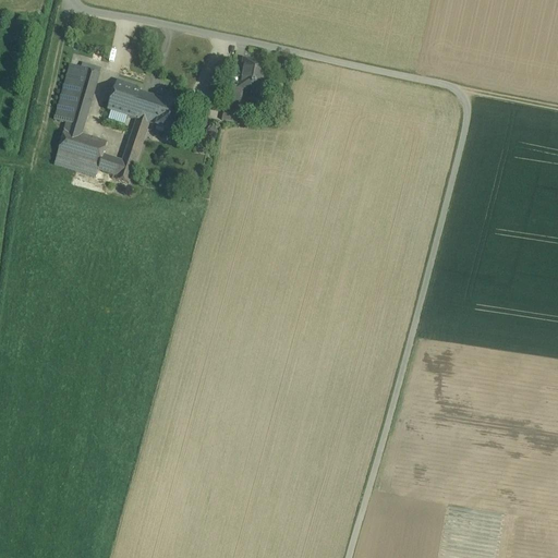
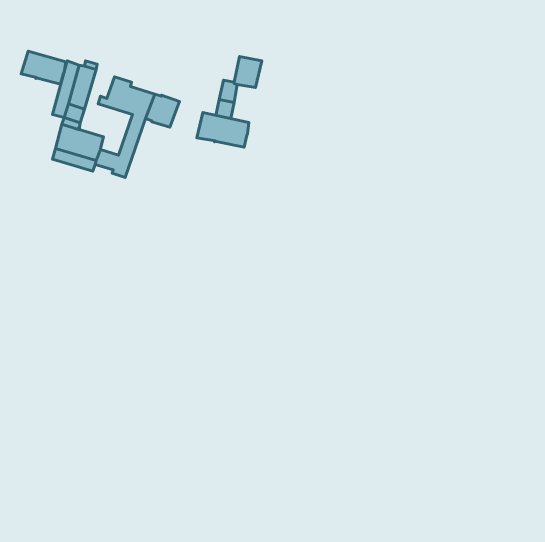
building: none -> [21,51,66,84]
building: none -> [197,113,249,147]

